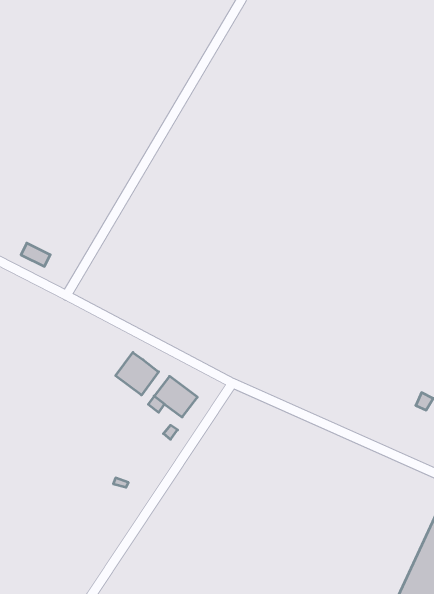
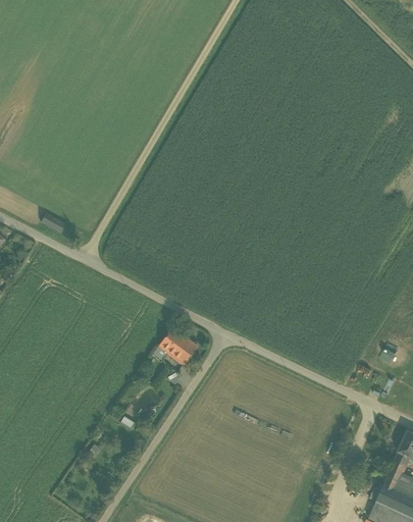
building: [116,352,159,395] -> none

